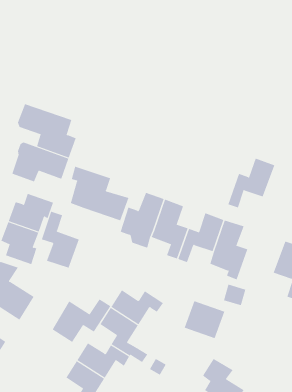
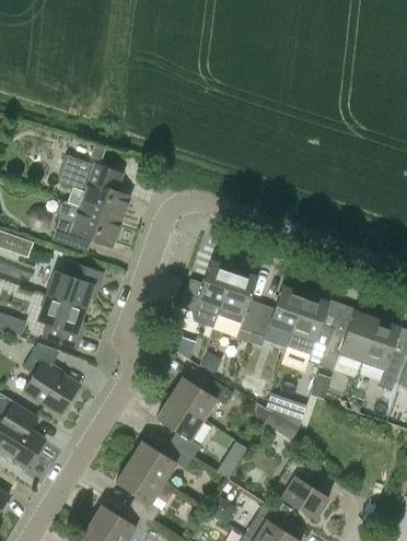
building: [228,158,275,208] -> [321,310,377,371]
building: [70,166,129,221] -> none
building: [41,211,79,268] -> none
building: [52,298,111,343] -> none

